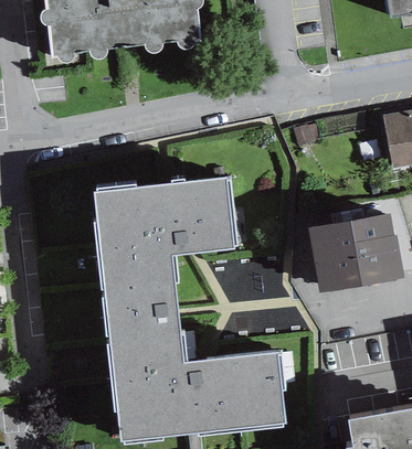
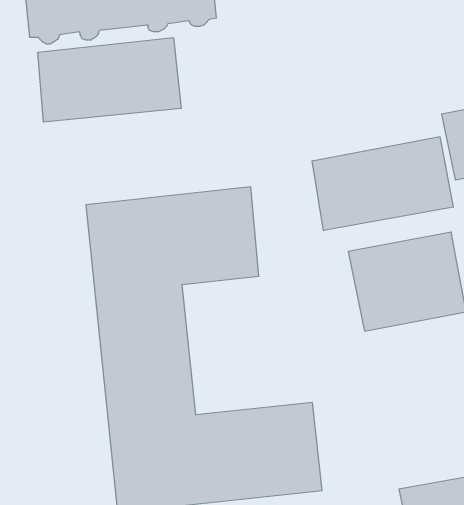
building: none -> [38,38,181,122]
building: none -> [312,137,453,231]

